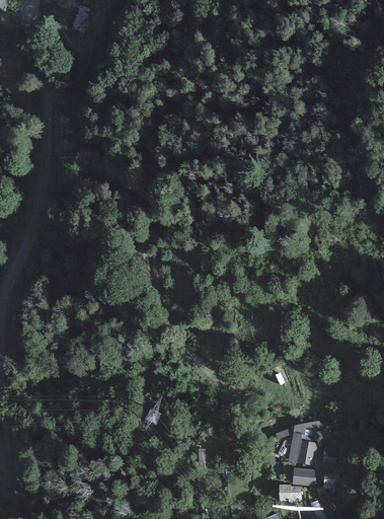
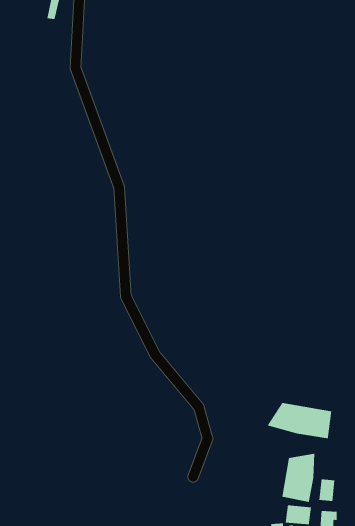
building: none -> [267,402,332,439]

